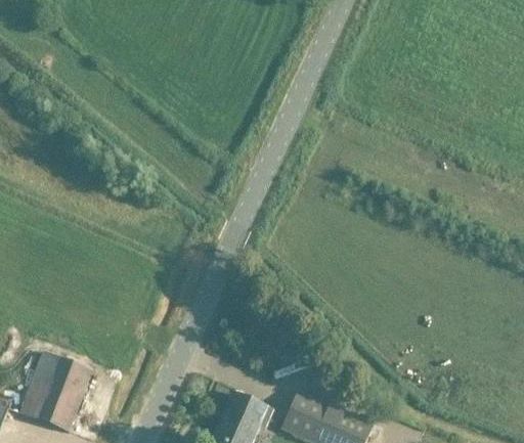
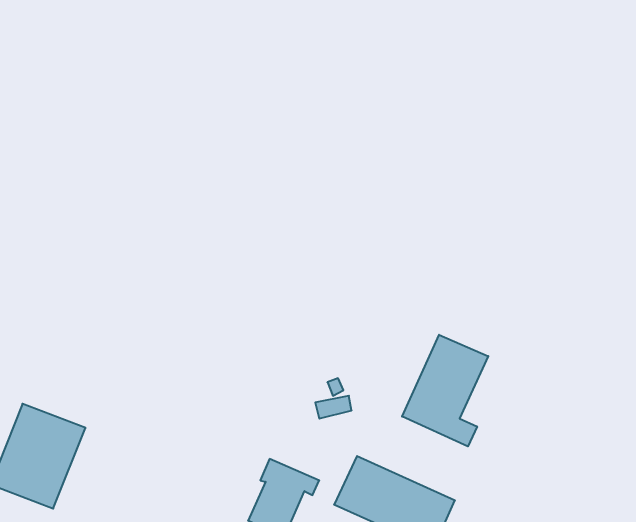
building: none -> [402,335,488,446]

